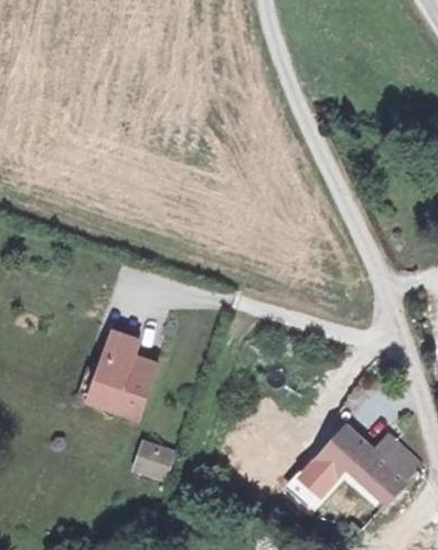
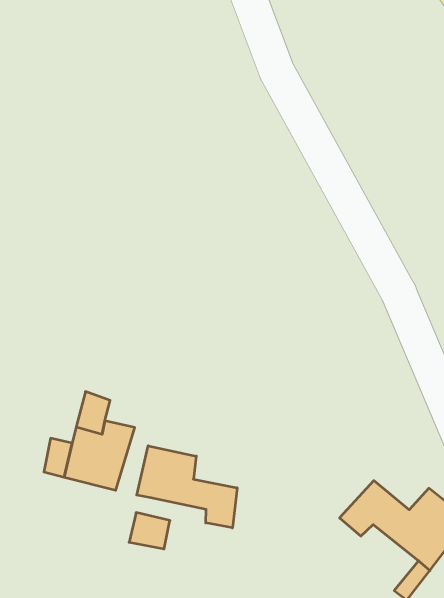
building: none -> [137,446,237,528]
building: [284,455,333,501] -> none

